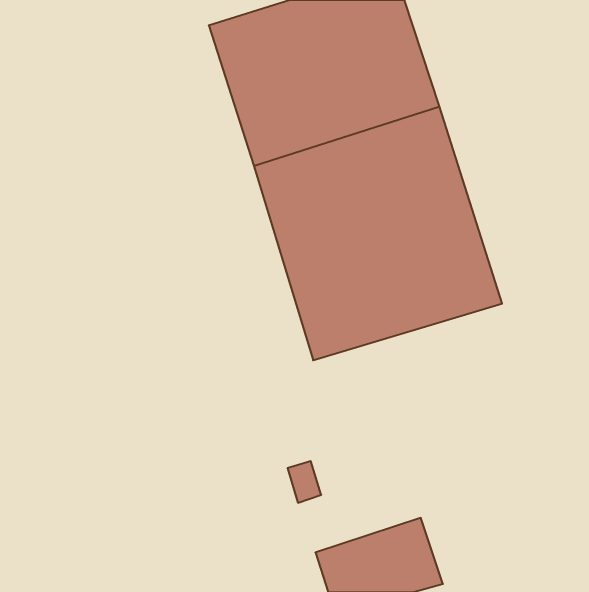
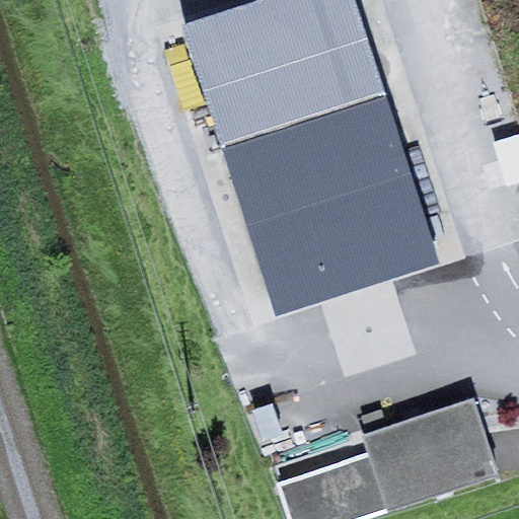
building: none -> [361,398,498,511]

